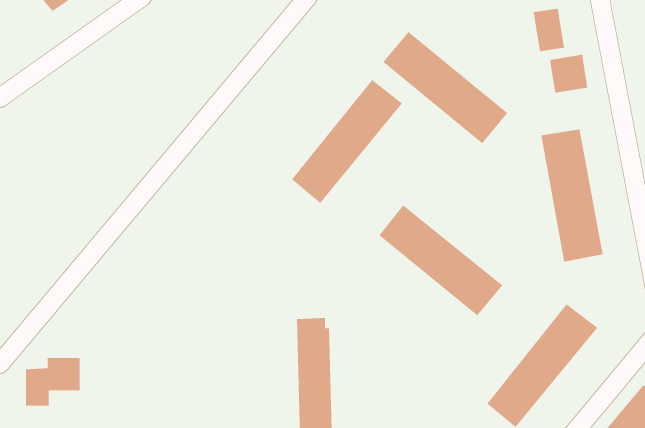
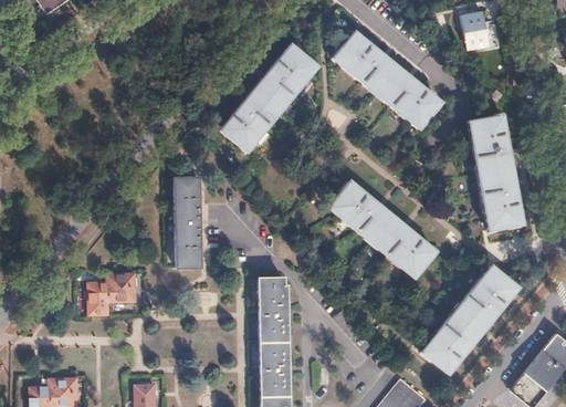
building: [549,54,588,94] -> none
building: [291,79,403,204] -> [221,43,317,150]
building: none -> [176,176,200,268]
building: [25,357,80,406] -> [90,272,137,314]

